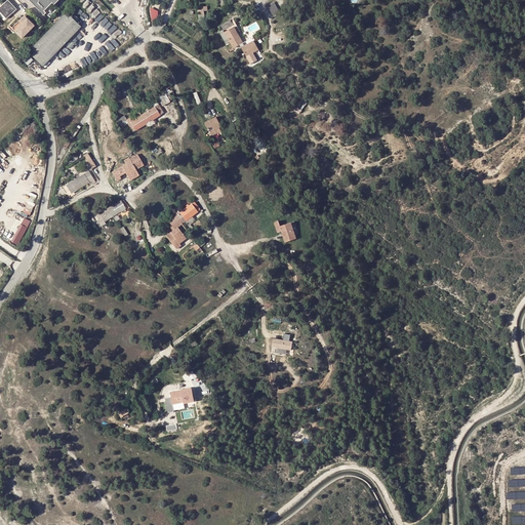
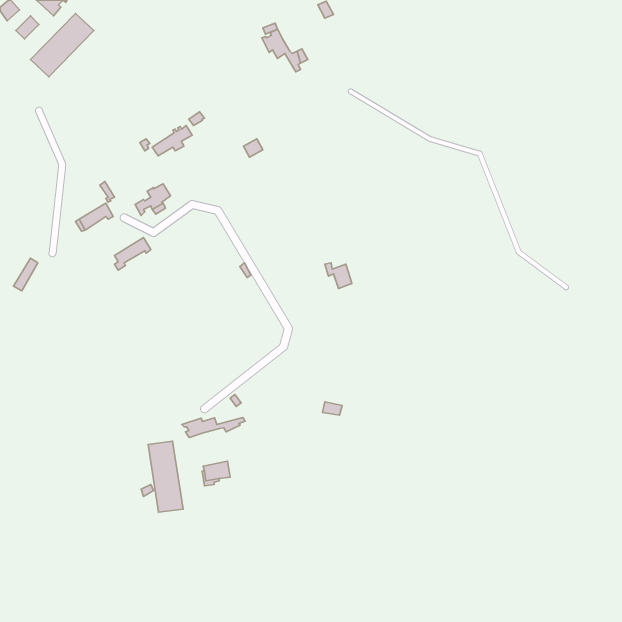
building: [166,202,200,245] -> none
building: none -> [182,417,245,437]
building: none -> [148,441,183,512]

